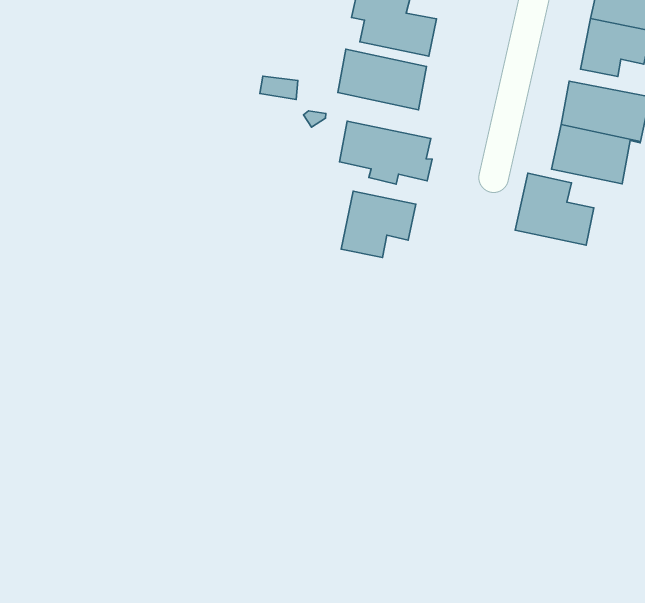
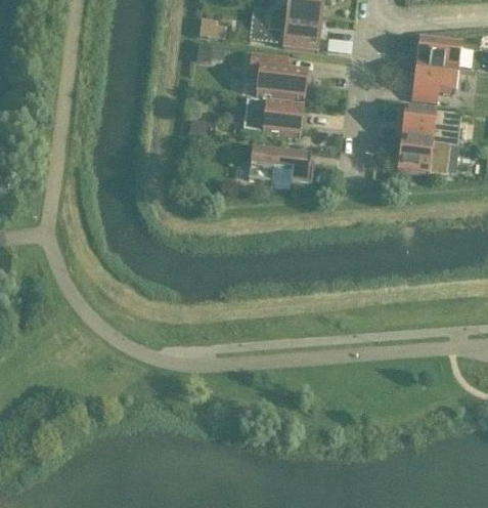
building: [515,173,594,245] -> none
building: [341,191,416,257] -> none

